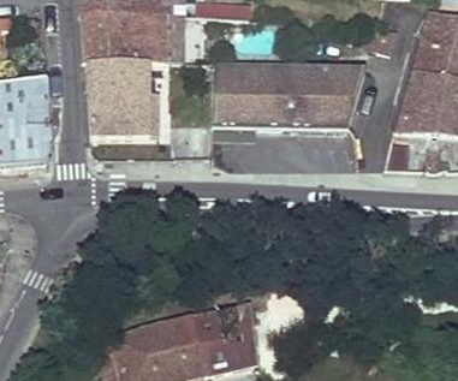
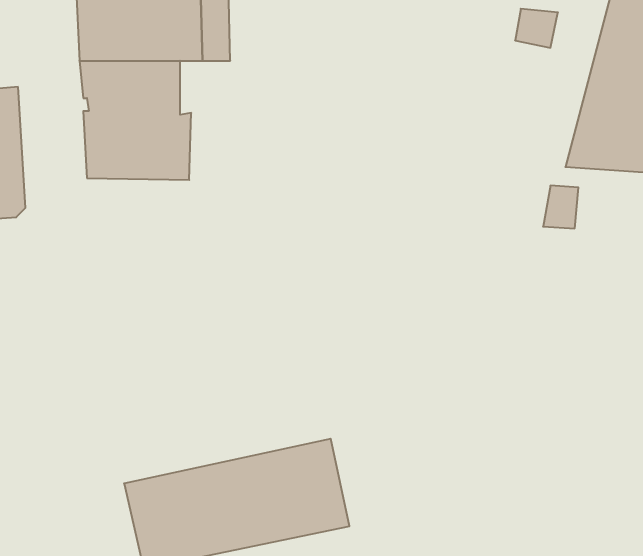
building: [212,65,364,132] -> none

